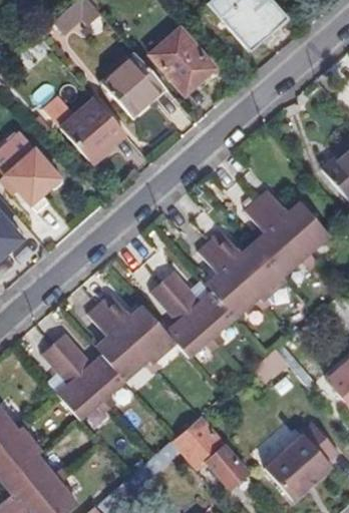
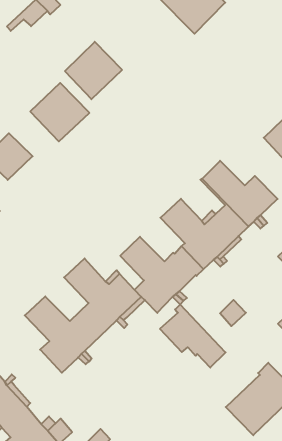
building: [149,27,214,93] -> none
building: [173,417,246,489] -> [160,305,226,368]

